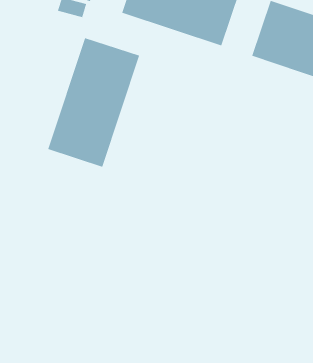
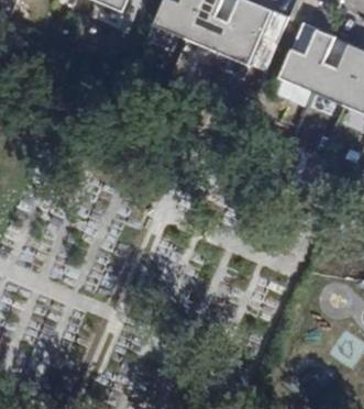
building: [47,37,140,168] -> none

